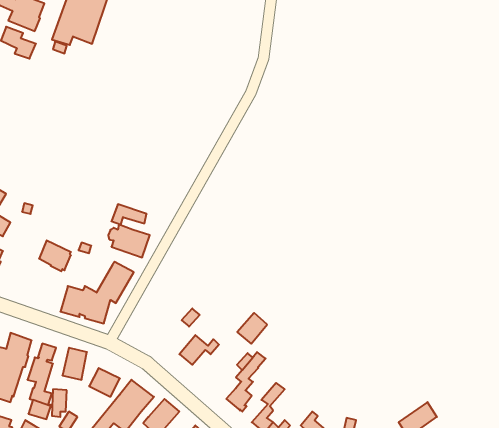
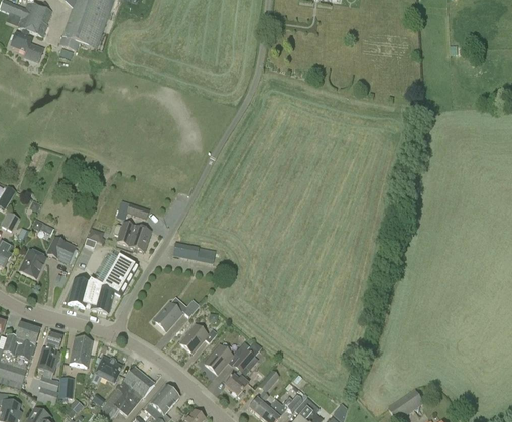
building: none -> [172,241,215,262]
building: none -> [19,248,46,277]
building: none -> [153,301,181,329]
building: [237,313,267,344] -> [204,343,232,373]

